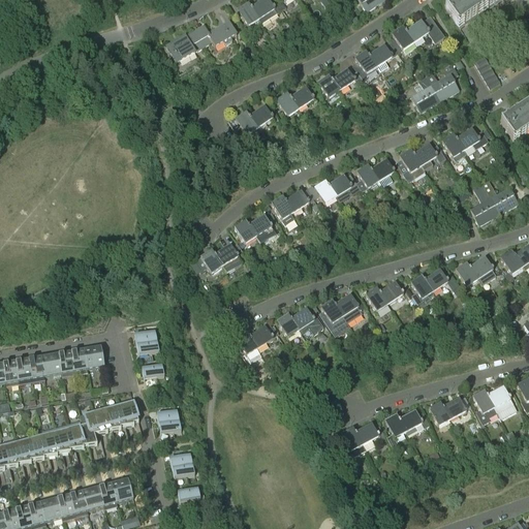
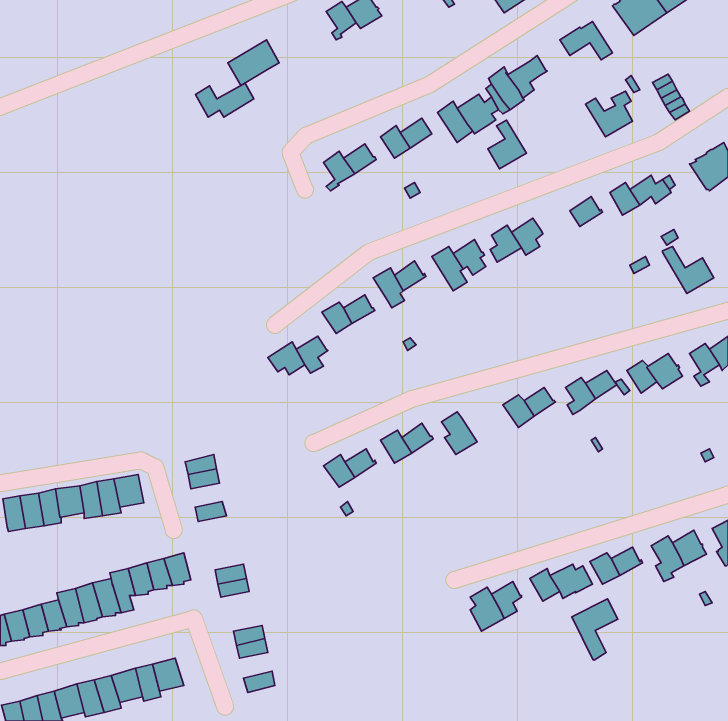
building: [193,21,236,45] -> [195,83,254,117]
building: [388,25,414,51] -> none
building: [411,75,439,111] -> [488,120,526,169]
building: [399,148,425,182] -> none
building: [470,183,498,224] -> none
building: [335,293,366,320] -> none
building: none -> [572,599,618,660]

